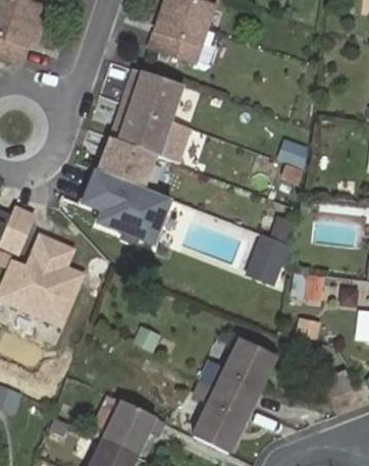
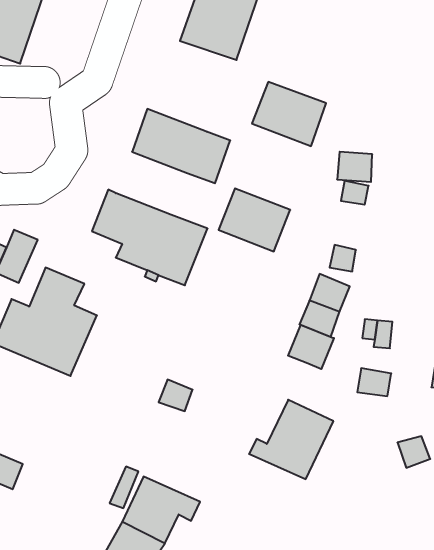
building: [123,70,183,122] -> [252,82,326,146]
building: [98,139,156,190] -> [219,188,290,251]
building: none -> [288,325,334,369]
building: [193,383,252,452] -> none

